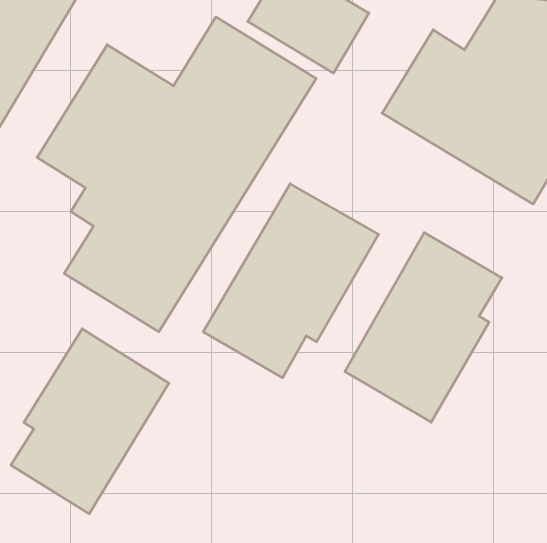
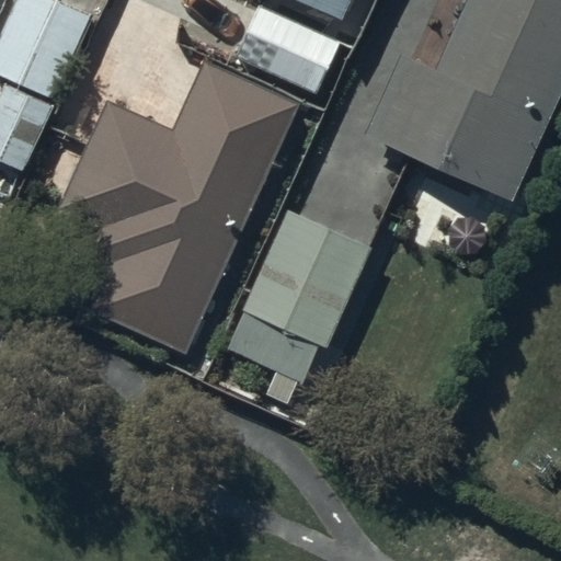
building: [345,233,502,422] -> none
building: [11,329,169,514] -> none

